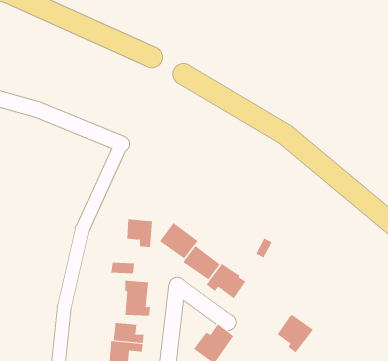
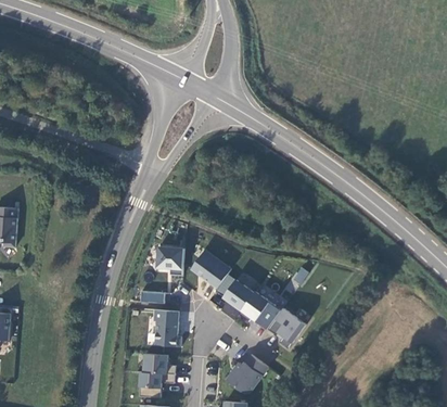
building: [277,314,314,353] -> [268,308,306,348]

